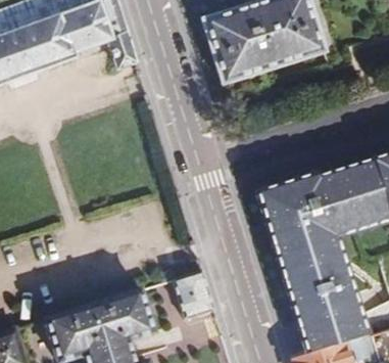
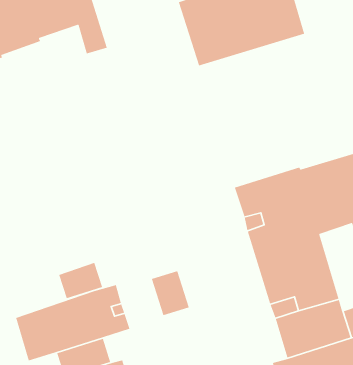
building: none -> [58,262,103,299]

